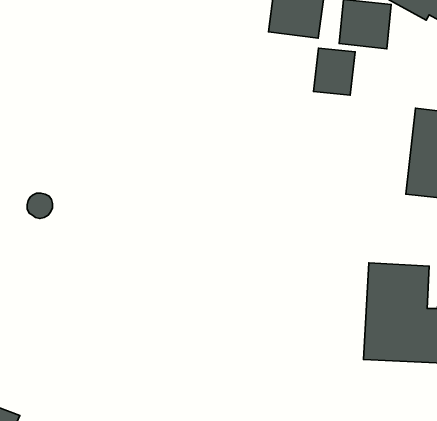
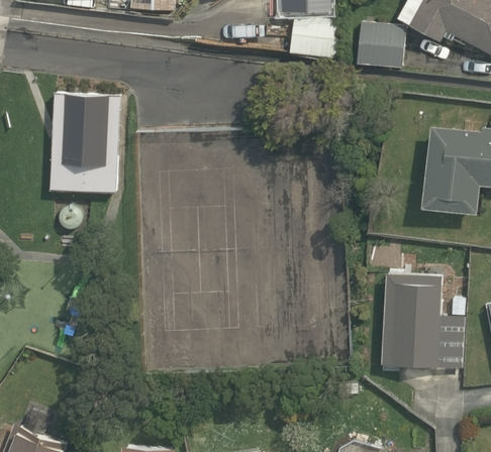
building: [314,48,355,95] -> none
building: none -> [51,92,122,194]

